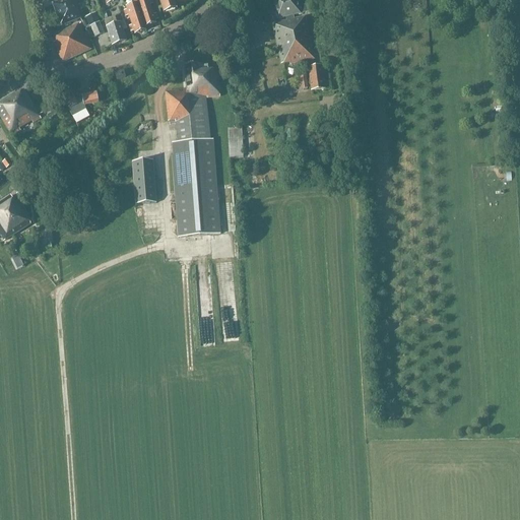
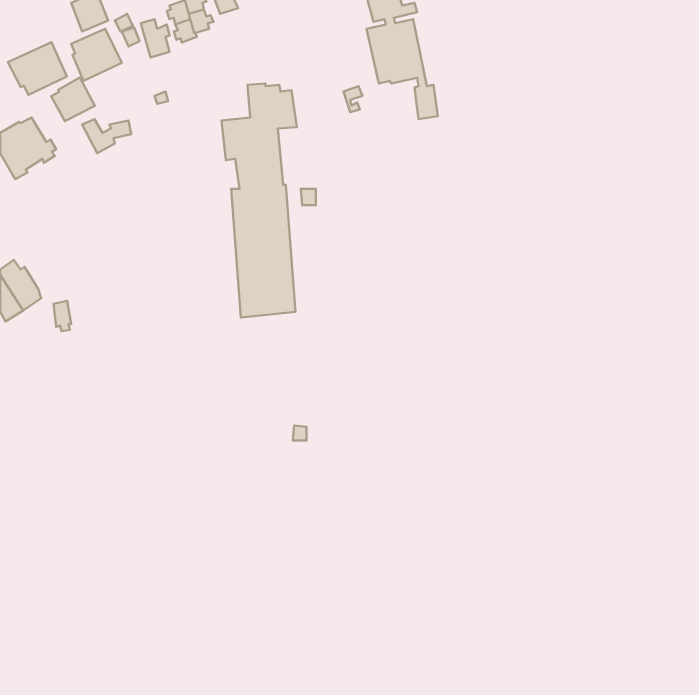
building: none -> [8,42,67,95]
building: none -> [51,77,95,121]
building: [132,157,155,202] -> none

